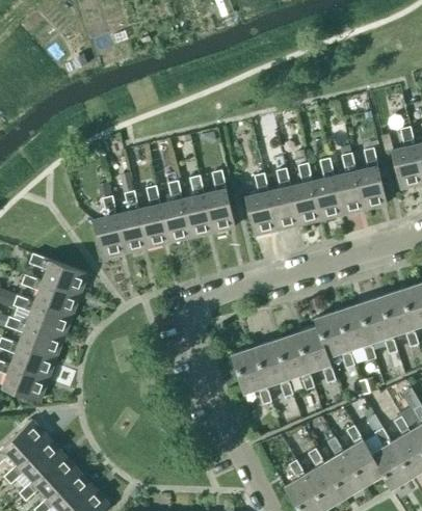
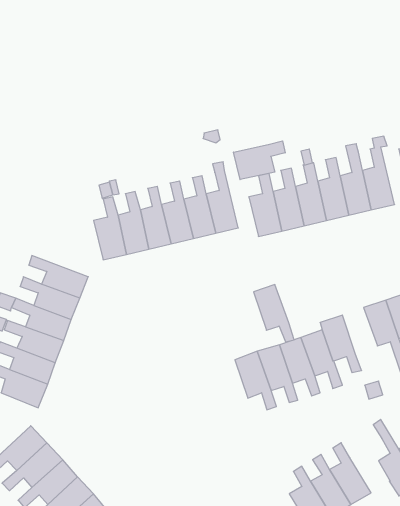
building: none -> [234,141,285,180]
building: [337,304,376,360] -> [254,285,294,342]
building: [344,425,384,485] -> none

